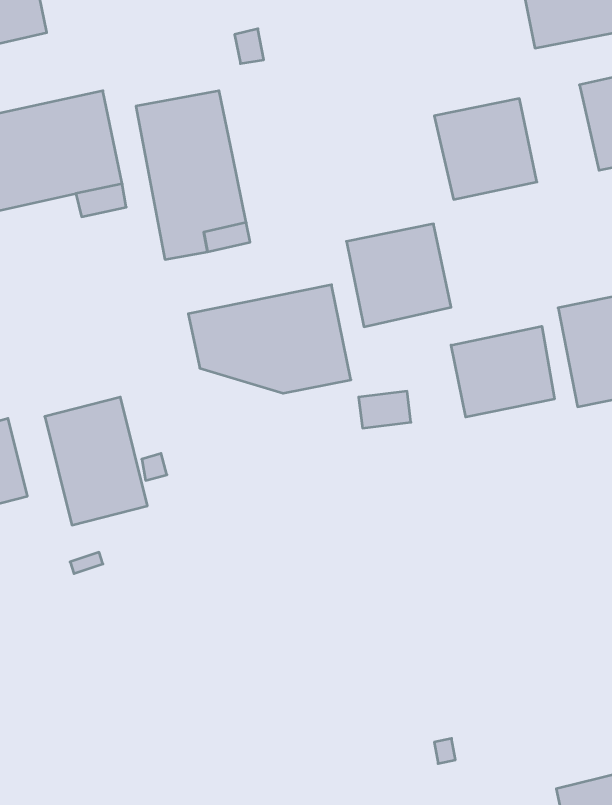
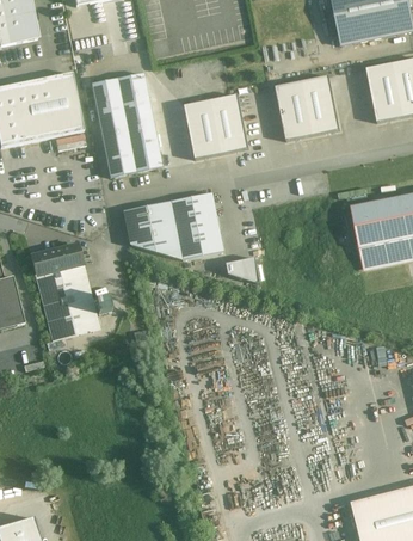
building: [346,224,451,327] -> [180,94,245,158]
building: [451,326,554,417] -> none
building: none -> [30,244,81,272]

